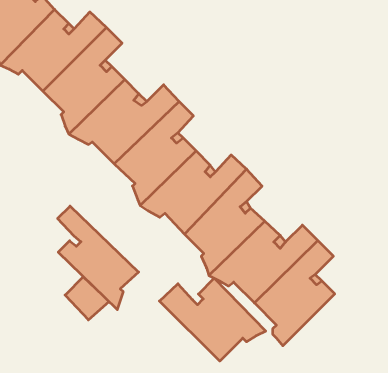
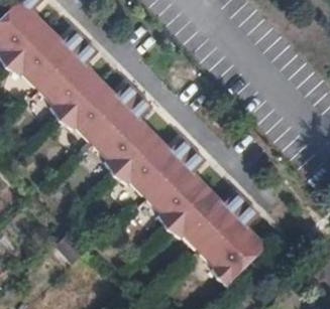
building: [58,206,139,310] -> none
building: [159,278,266,361] -> none

